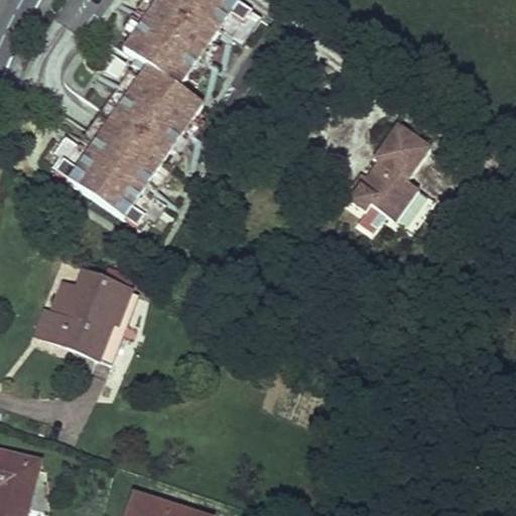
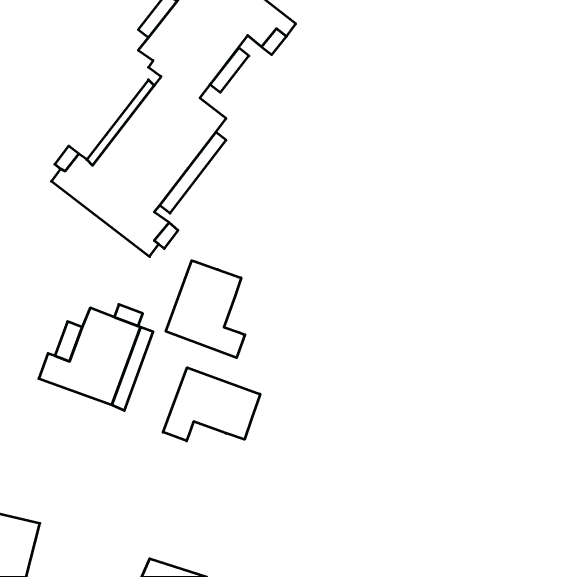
building: [348,120,444,228] -> none
building: none -> [166,261,245,358]
building: none -> [163,368,260,441]

